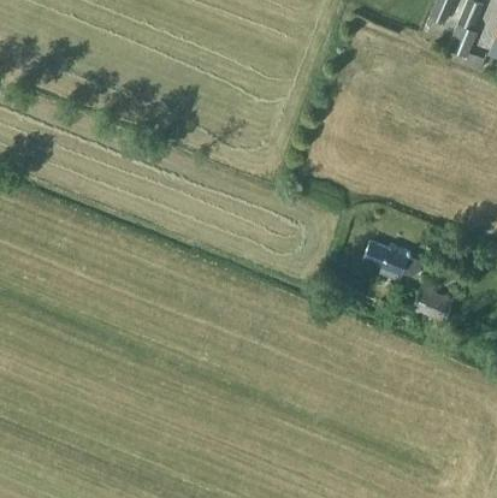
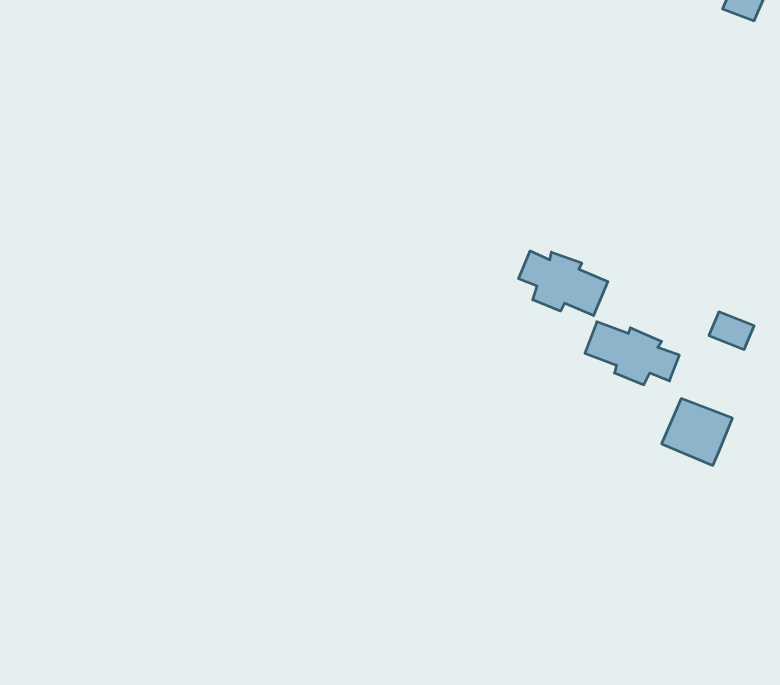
building: none -> [519,251,608,316]

